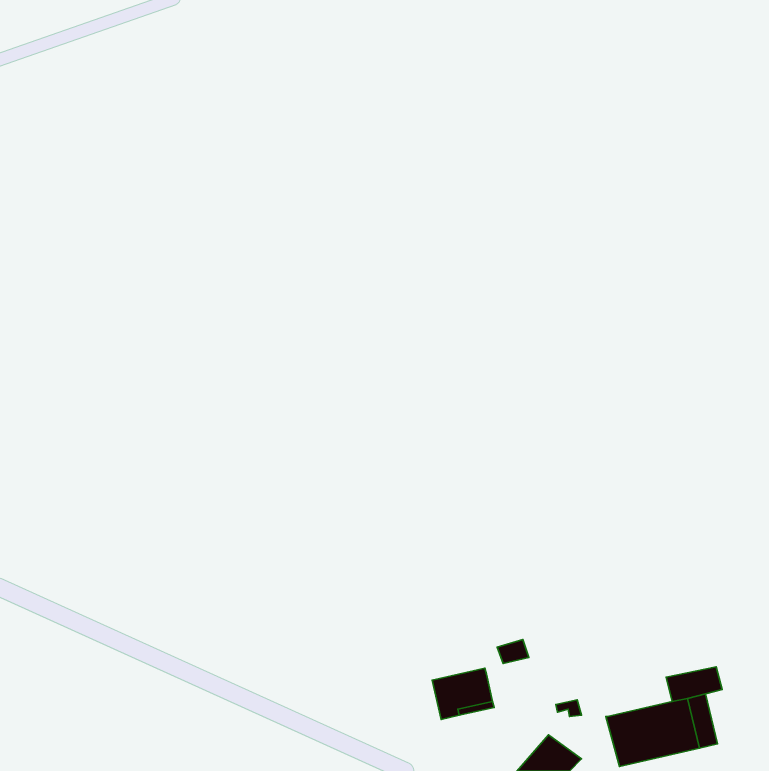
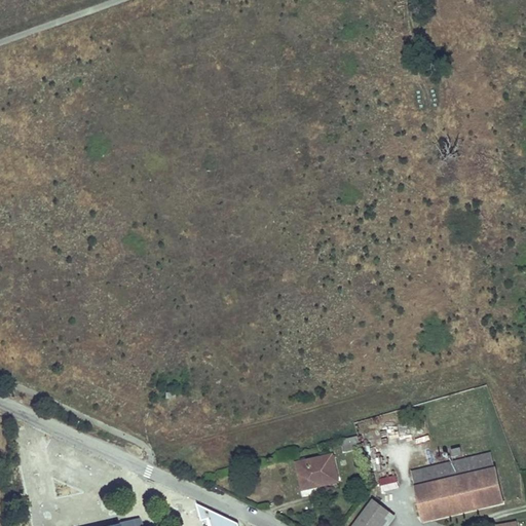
building: none -> [409,460,457,487]
building: none -> [480,467,502,505]

